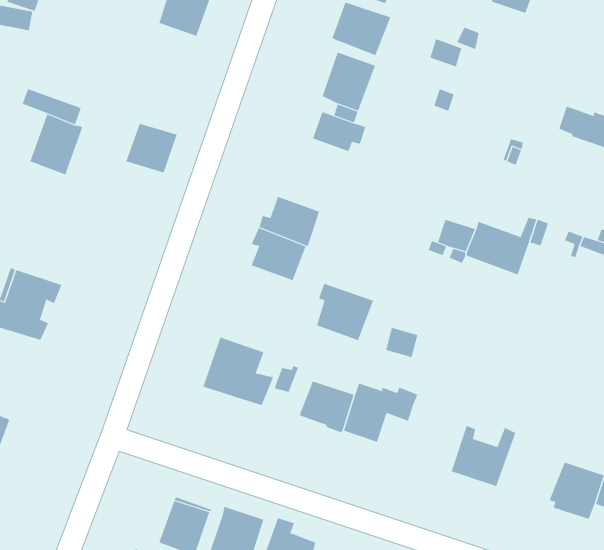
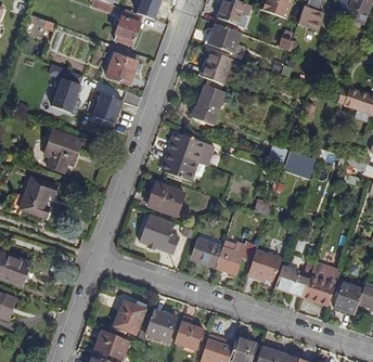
building: none -> [107,53,137,82]
building: none -> [193,101,220,126]
building: none -> [44,130,82,172]
building: [316,283,374,341] -> [155,184,188,217]
building: none -> [247,250,282,284]
building: none -> [305,267,336,306]

